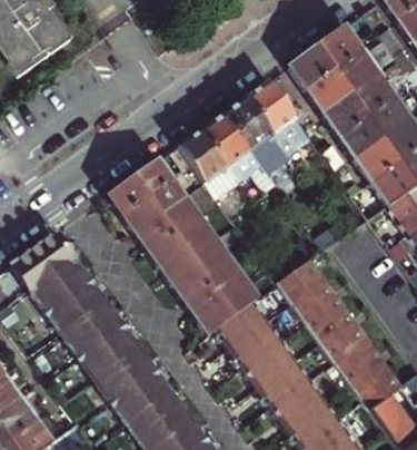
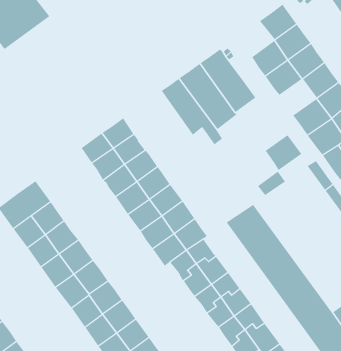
building: [289,45,334,87] -> none
building: [339,112,383,155] -> [265,135,302,171]
building: [178,126,238,194] -> none

